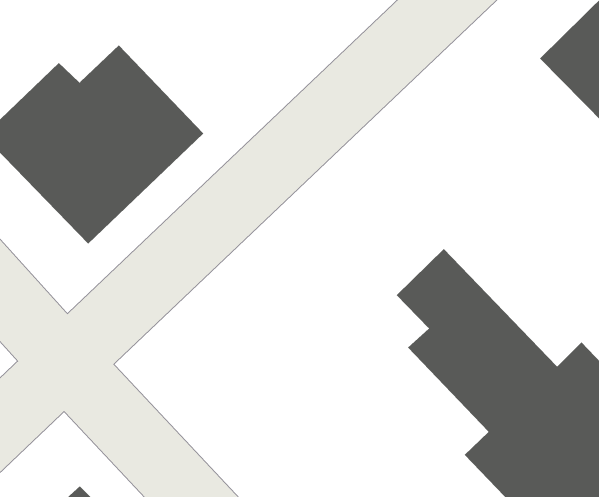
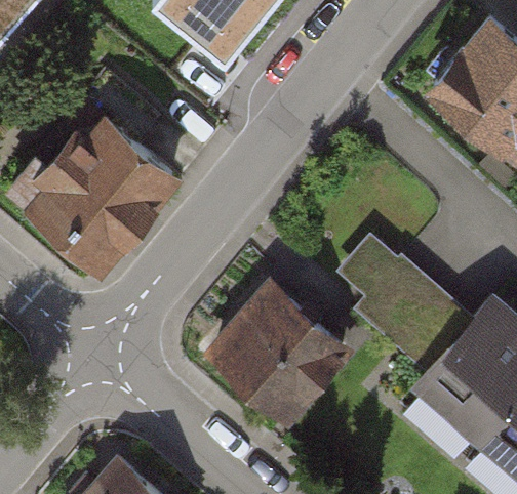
building: none -> [196,283,345,430]

